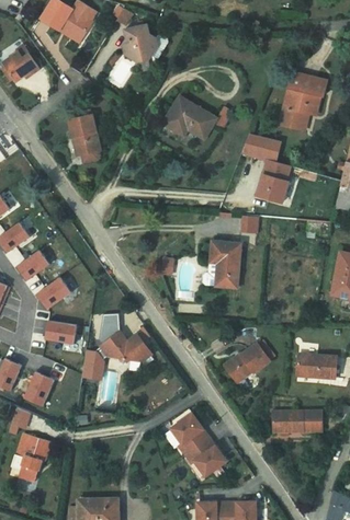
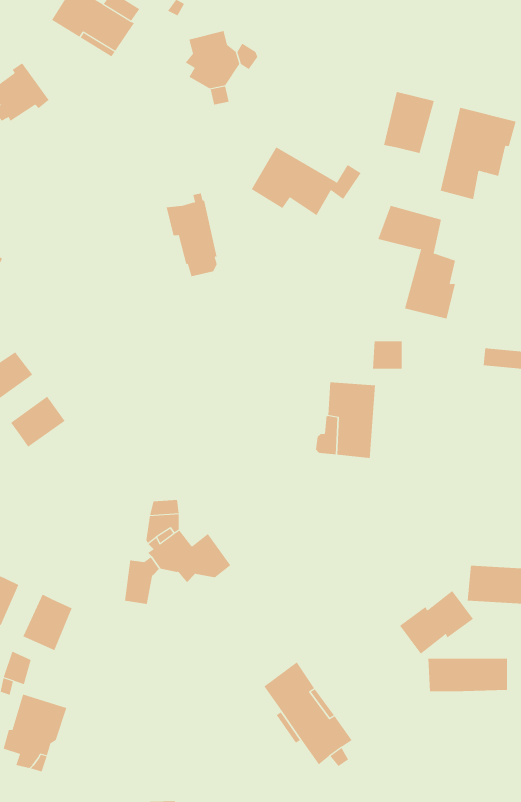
building: none -> [384,91,434,154]
building: [68,111,100,162] -> [166,193,217,277]
building: [35,278,69,310] -> none
building: [45,321,77,344] -> none
building: [224,343,270,382] -> [399,590,474,654]

